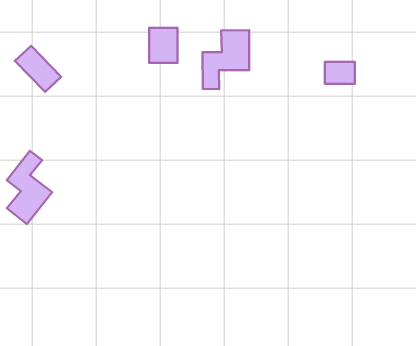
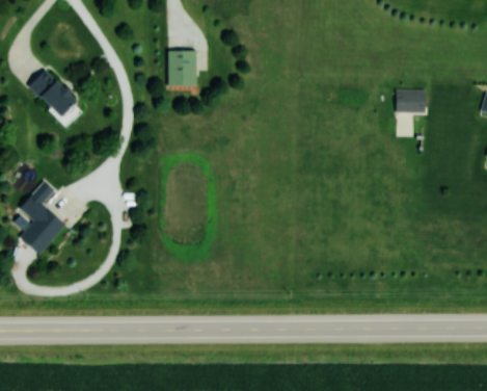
building: [203,30,249,89] -> none
building: [325,62,355,84] -> [396,88,427,111]

